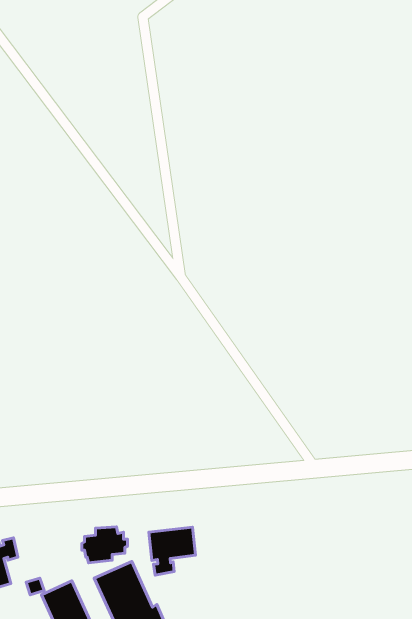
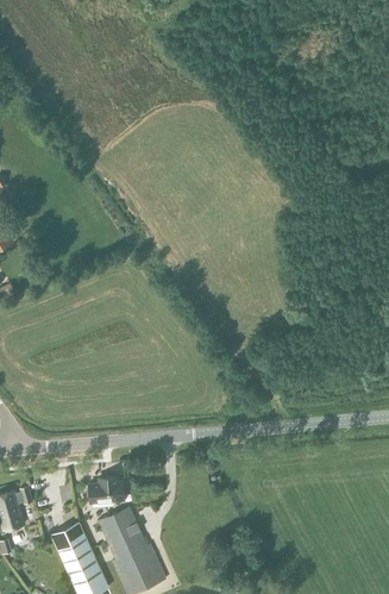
building: [149,527,195,575] -> none

